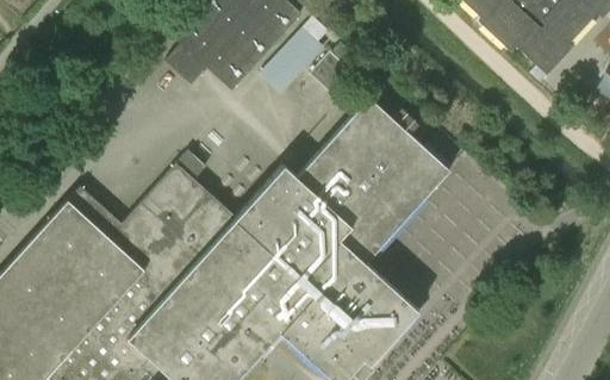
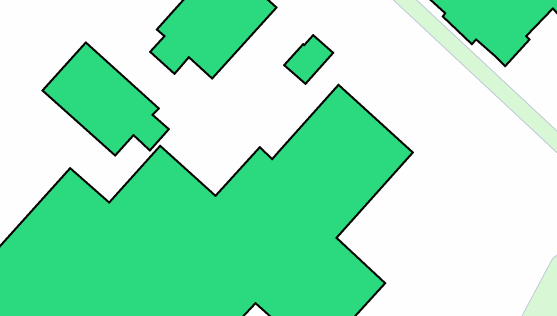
building: [260,17,329,95] -> none
building: none -> [43,43,169,155]

